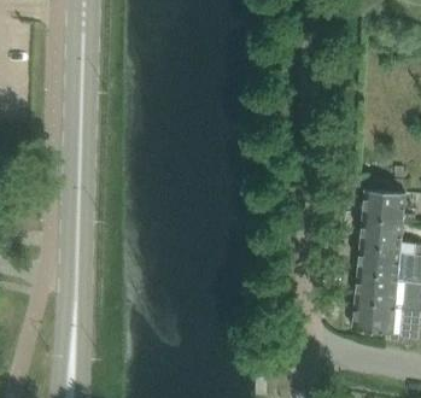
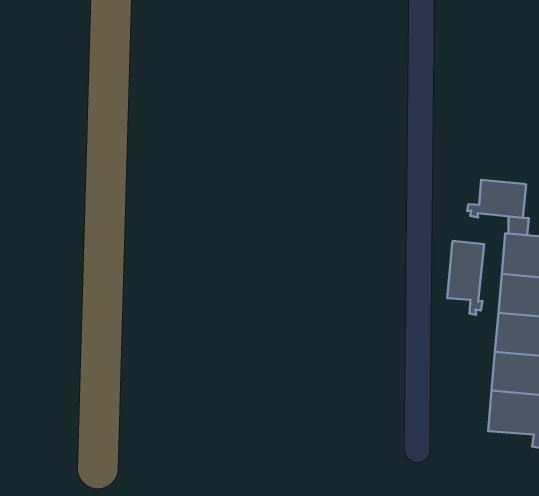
building: none -> [467,180,526,218]
building: none -> [447,241,484,315]

